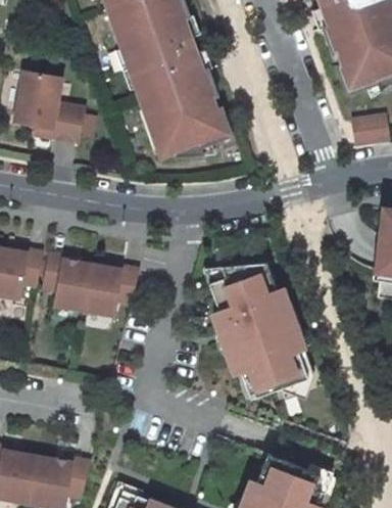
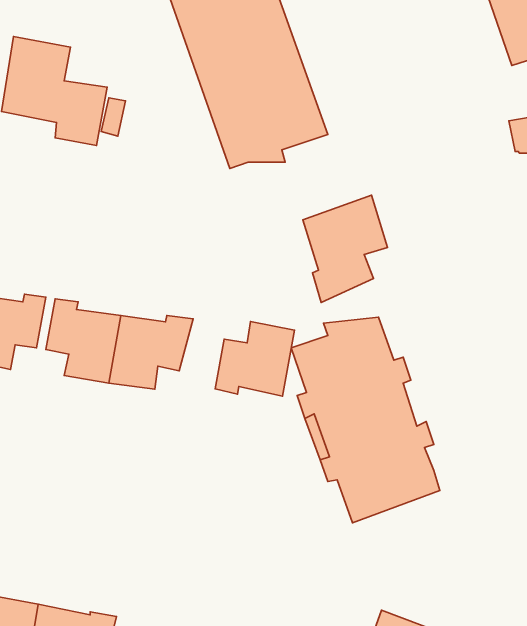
building: none -> [303,195,388,302]
building: none -> [215,322,294,396]

